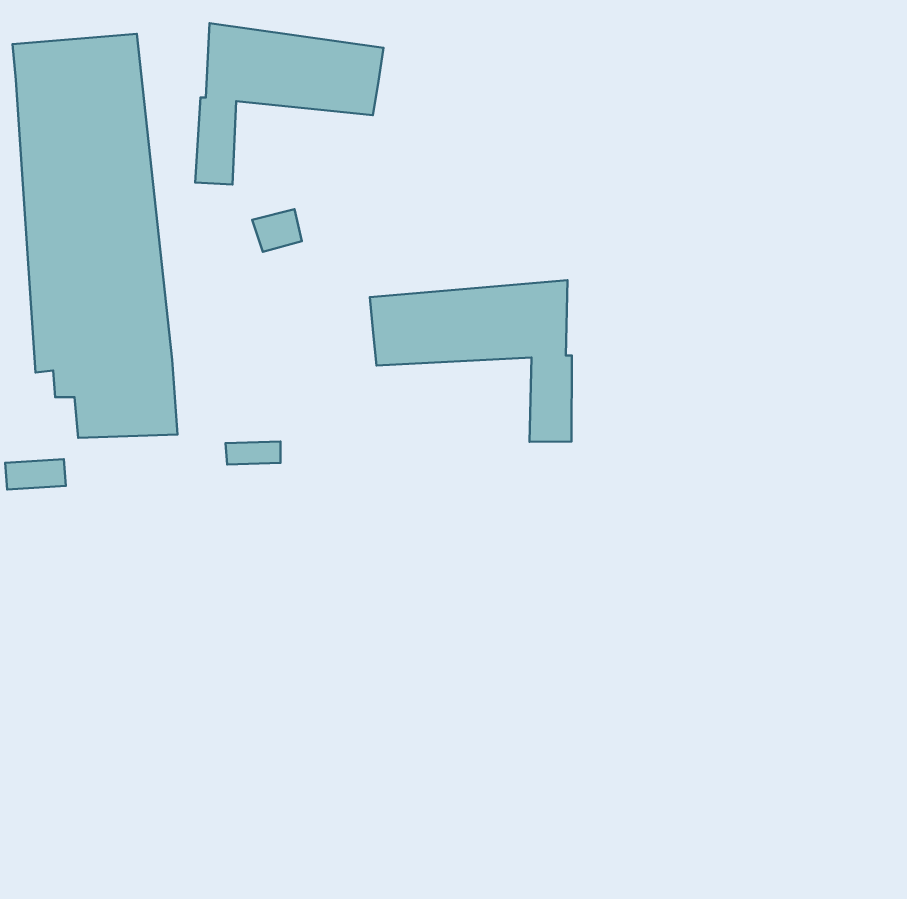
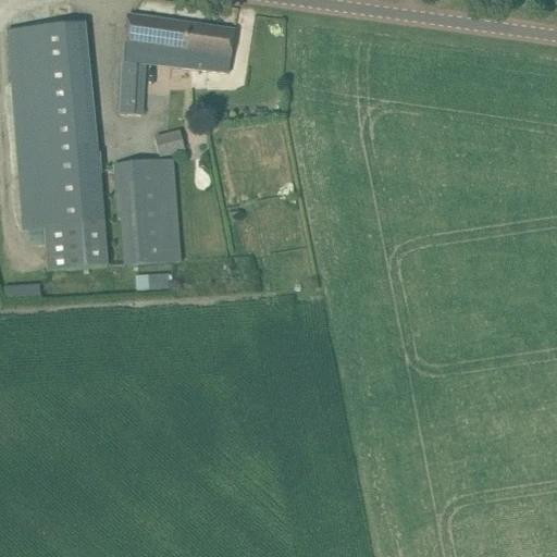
building: none -> [114,158,181,264]
building: [370,280,572,442] -> none

